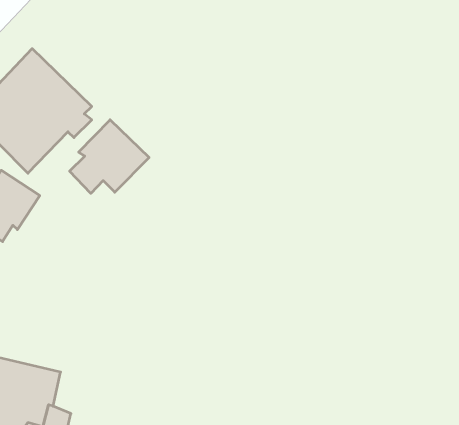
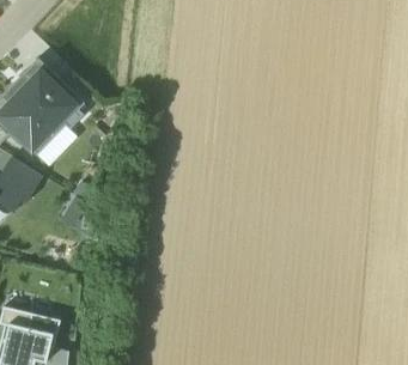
building: [70,120,149,193] -> none

